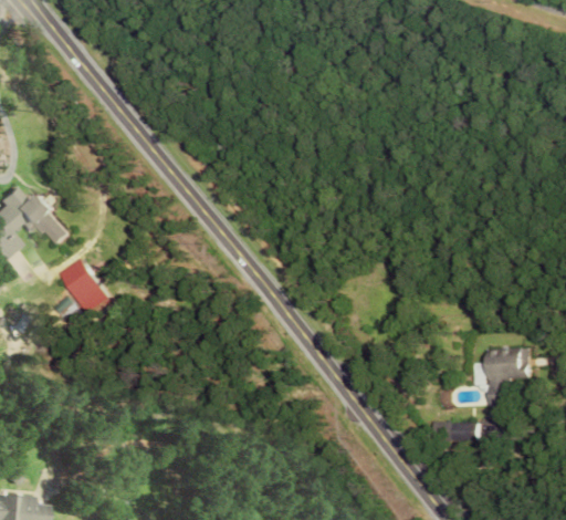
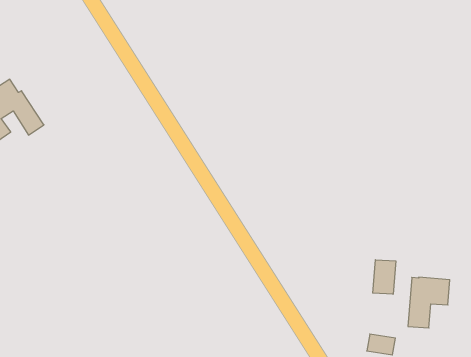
building: [55,257,102,311] -> none
building: none -> [373,260,396,294]

